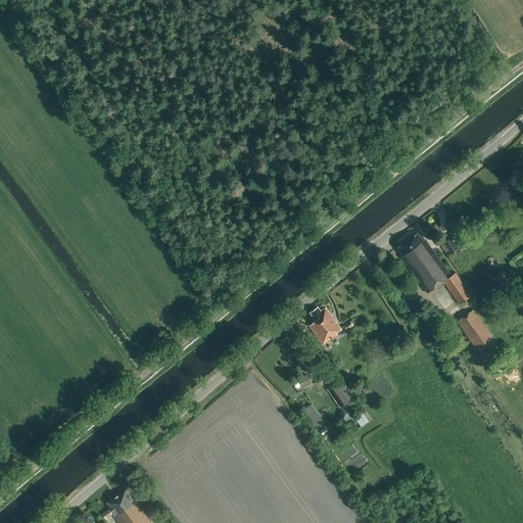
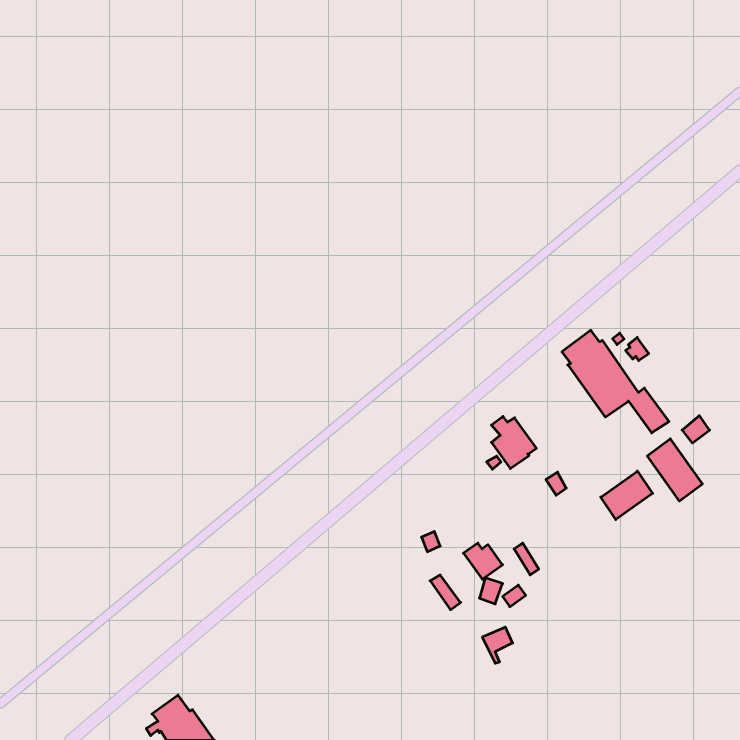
building: [310,307,341,344] -> [491,416,536,469]
building: none -> [601,471,653,520]

